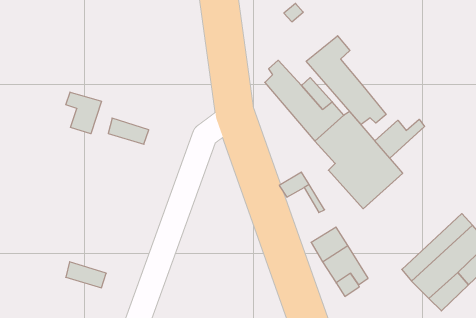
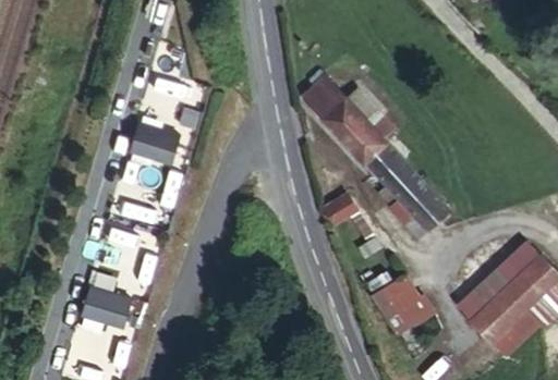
building: [306,36,386,125] -> none
building: [66,92,102,134] -> none
building: [375,119,425,158] -> none

